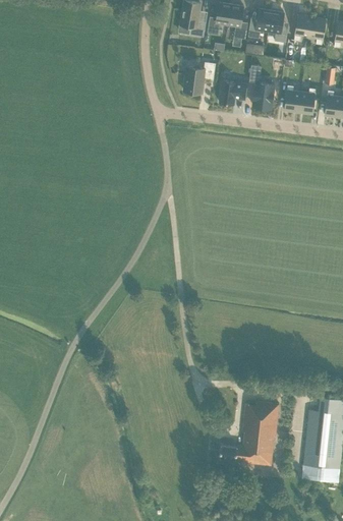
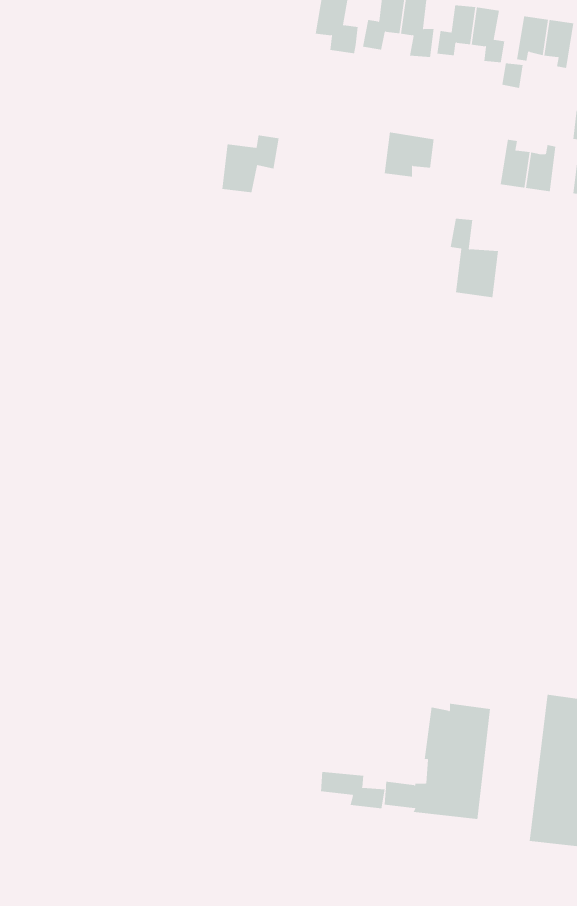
building: [183,61,216,94] -> [221,135,279,193]
building: [248,66,276,111] -> [450,218,499,298]
building: none -> [320,771,385,809]

